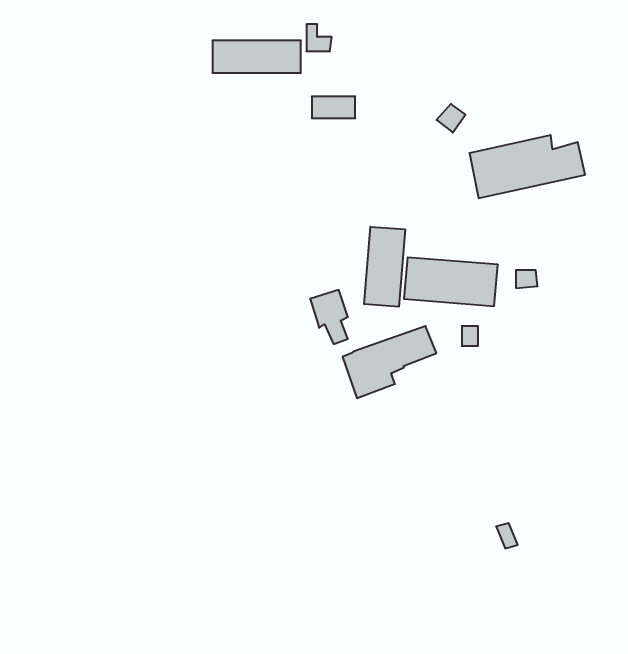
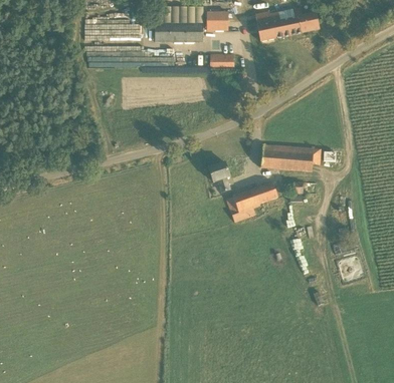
building: [469,135,585,198] -> [255,7,320,42]
building: [364,227,405,307] -> none

